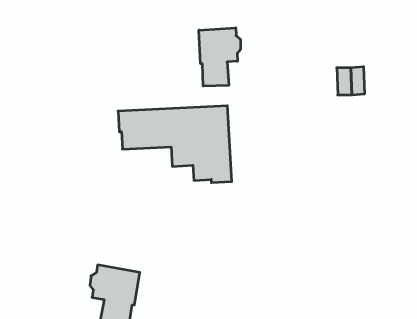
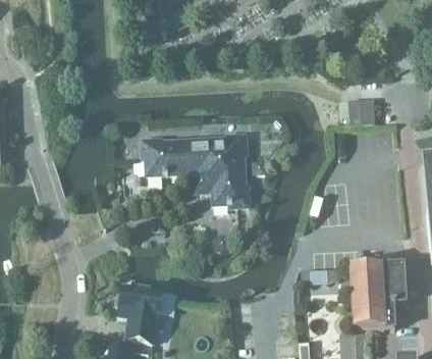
building: [199,28,240,86] -> none
building: none -> [349,263,403,328]

